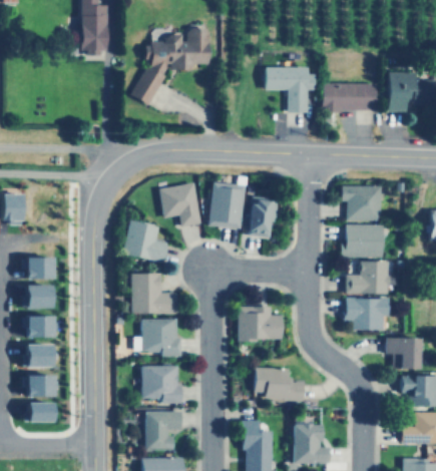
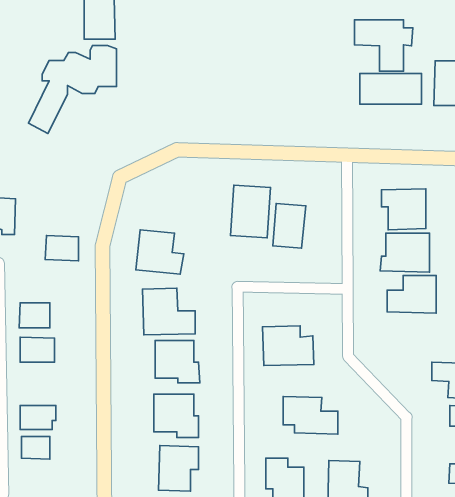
building: [133,29,210,106] -> [29,45,117,133]
building: [266,68,317,113] -> [354,20,413,71]
building: [160,183,200,226] -> none
building: [24,258,53,280] -> [45,236,78,261]
building: [345,298,391,330] -> none
building: [24,344,51,367] -> none

